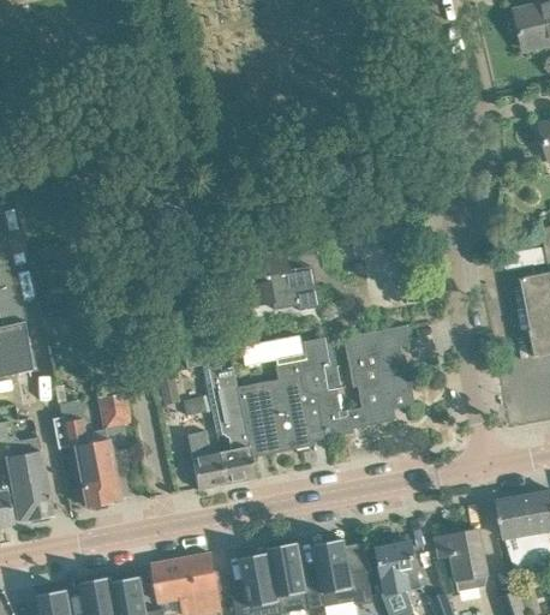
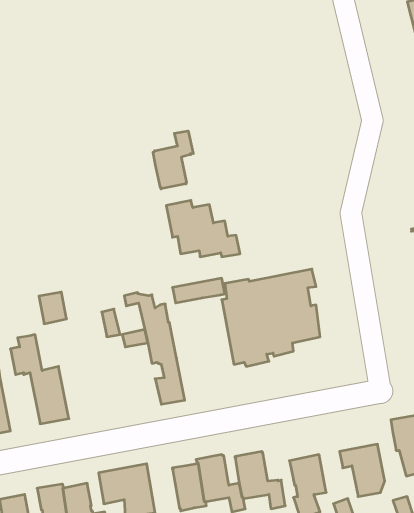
building: none -> [153,131,193,189]
building: [237,360,312,459] -> none
building: [97,392,130,429] -> [39,292,67,324]
building: [186,431,227,489] -> none

